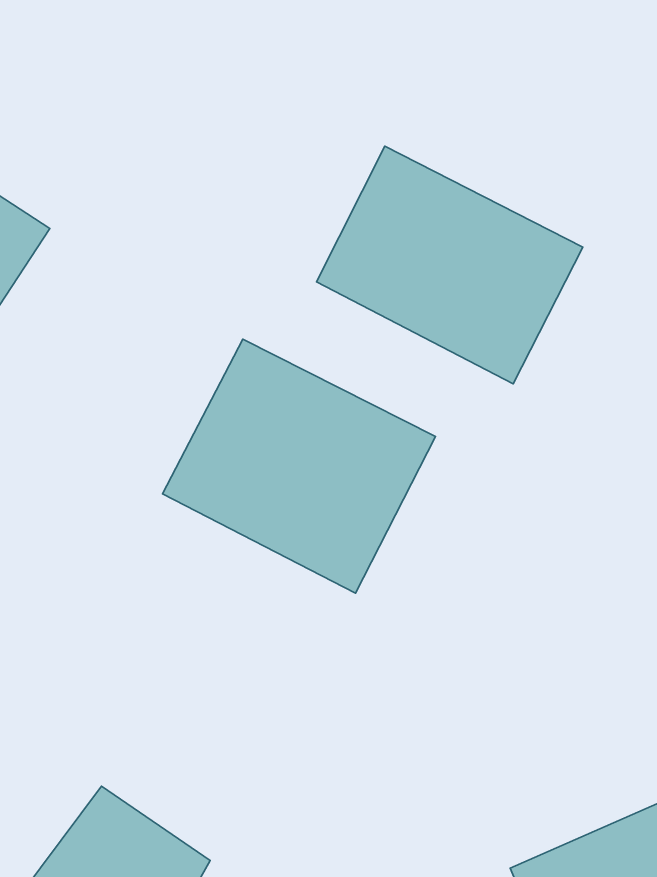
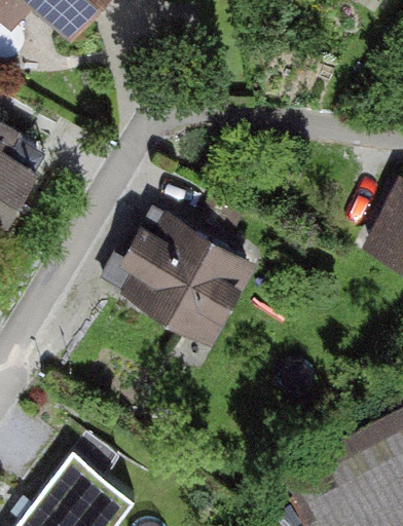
building: [316,146,583,384] -> none

